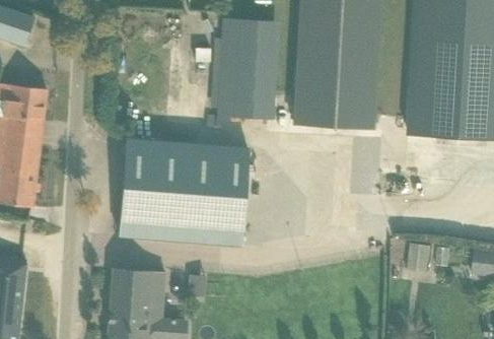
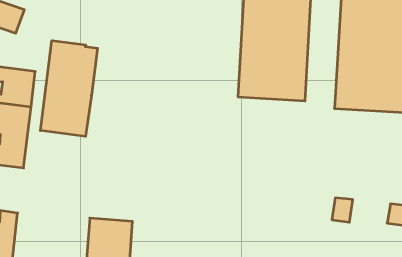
building: [215,19,278,125] -> none
building: none -> [40,41,98,136]
building: [119,139,248,246] -> none

